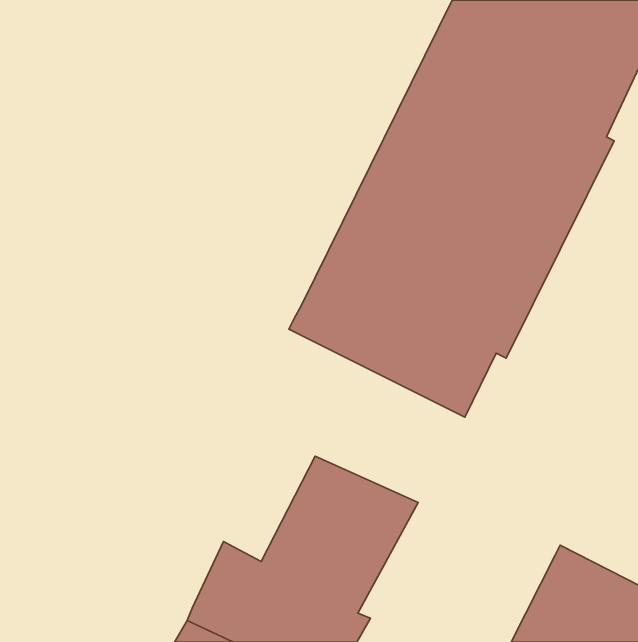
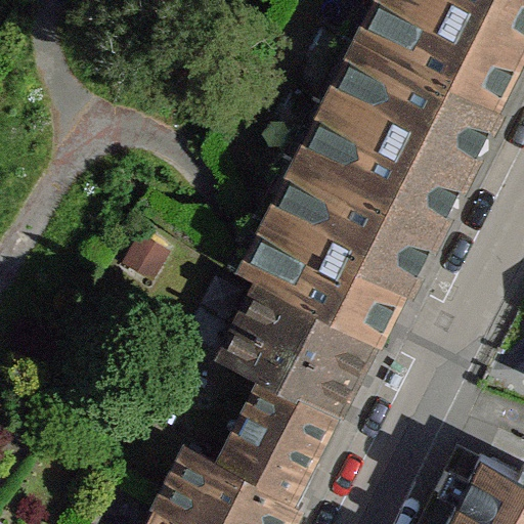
building: none -> [219,277,382,409]

